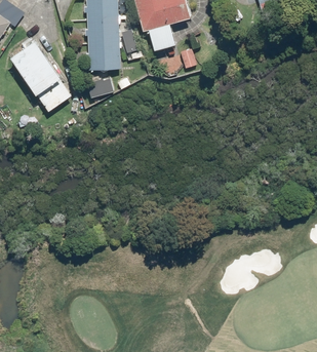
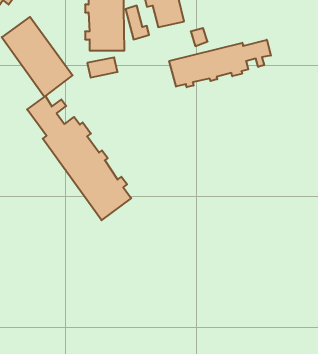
building: none -> [169,40,271,87]
building: none -> [27,96,131,220]

